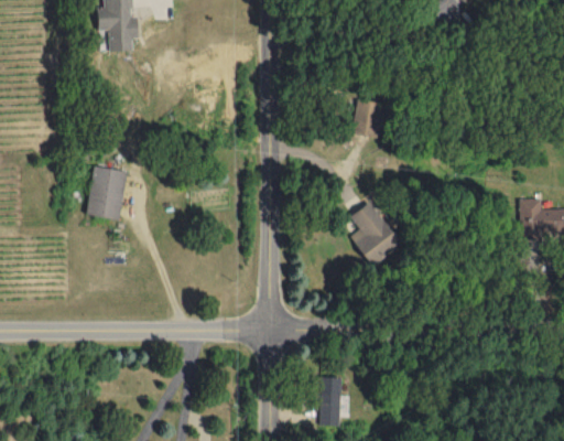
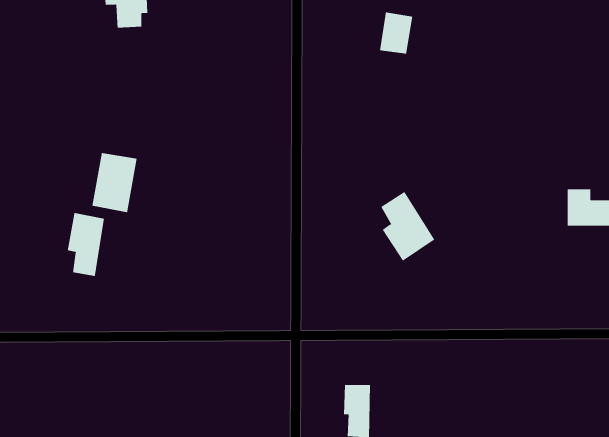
building: [351,99,382,138] -> [379,12,413,54]
building: none -> [67,212,105,277]

